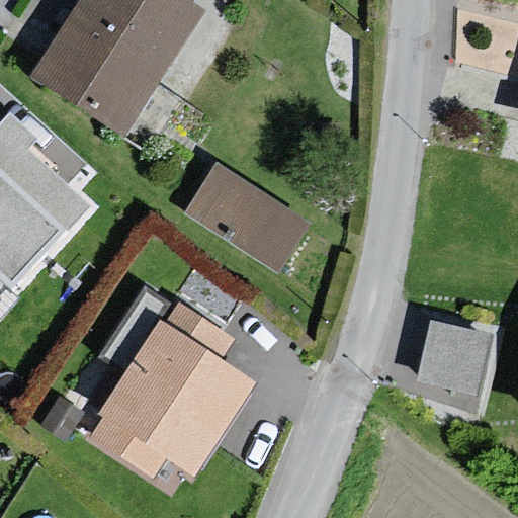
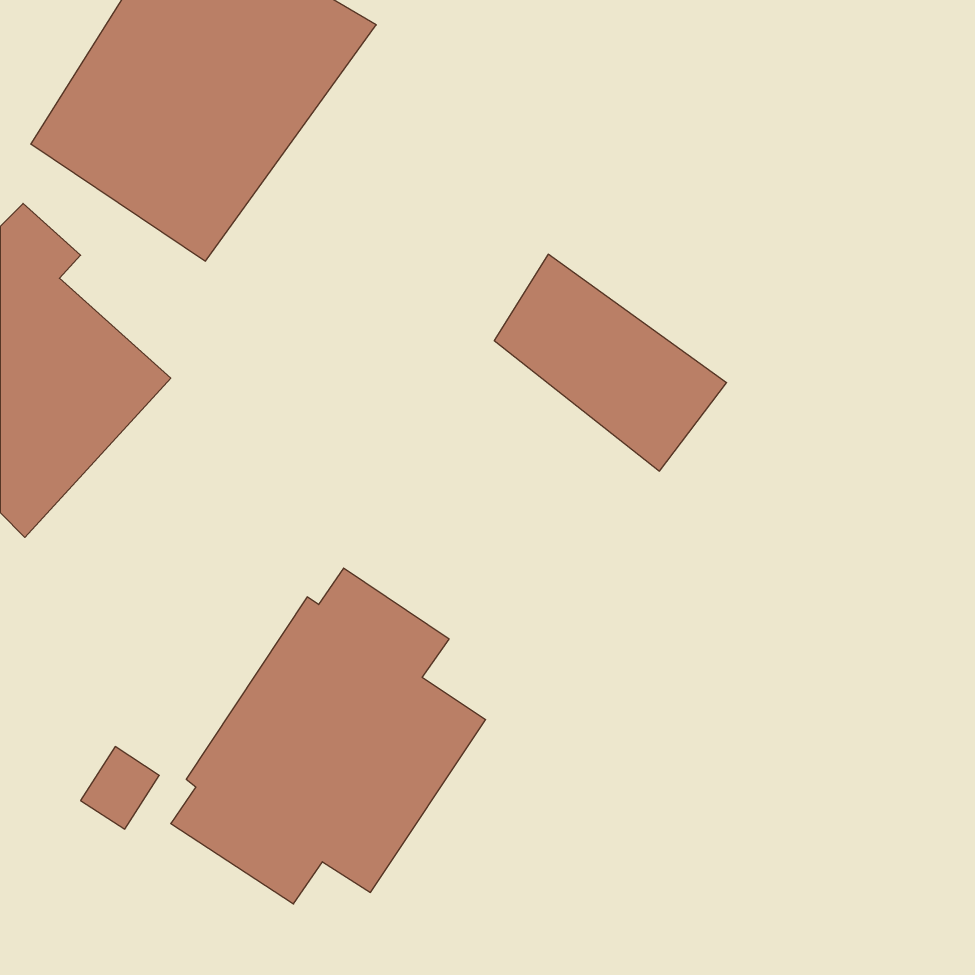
building: [178,163,300,277] -> [494,254,727,471]
building: [421,316,497,392] -> none

